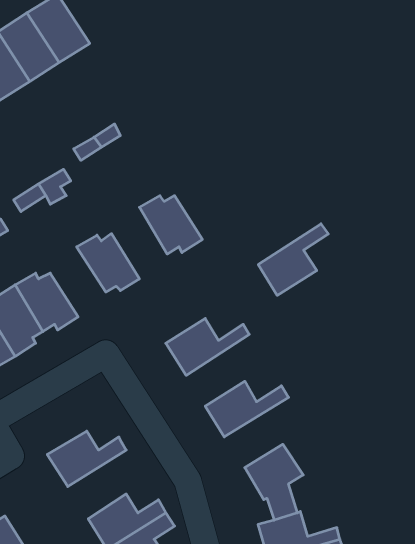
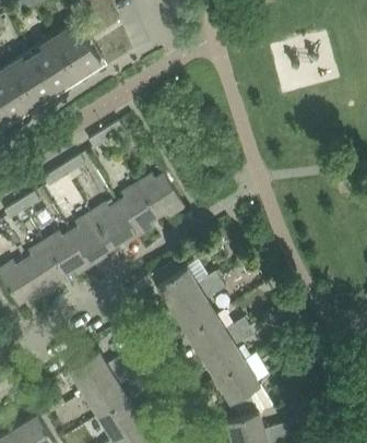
building: none -> [116,184,157,238]
building: [258,224,328,295] -> [171,279,224,333]
building: none -> [70,214,111,266]
building: none -> [200,326,252,379]
building: none -> [83,366,133,417]

